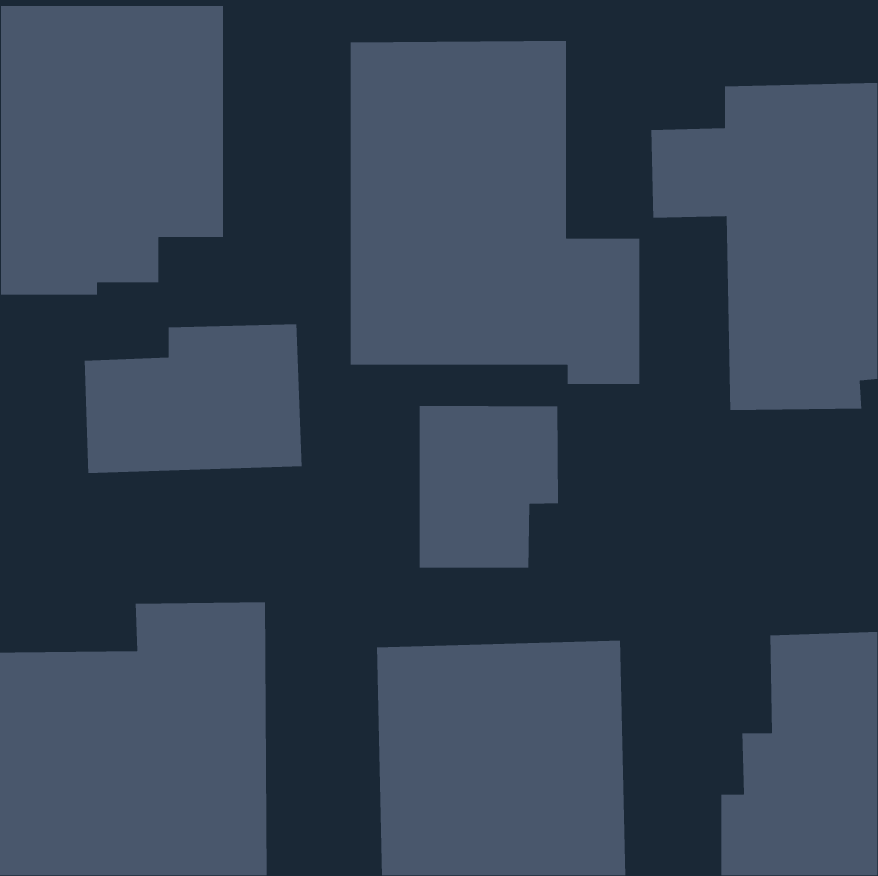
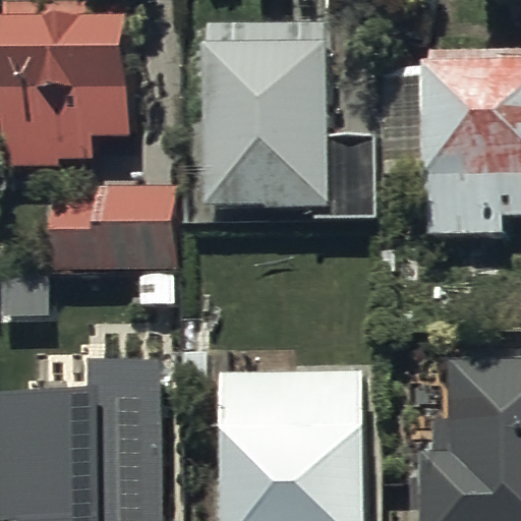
building: [419,405,559,568] -> none

